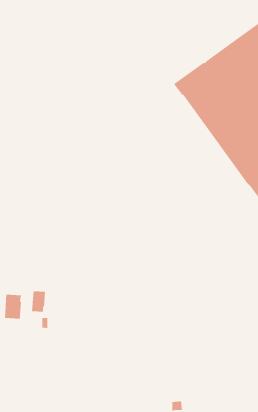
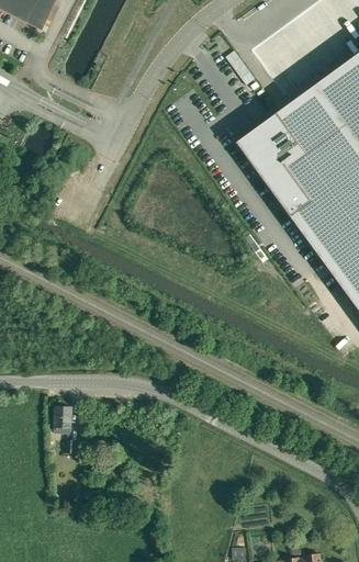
building: [5,294,22,320] -> none

